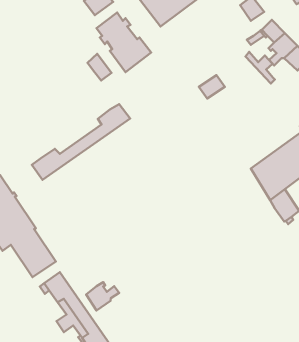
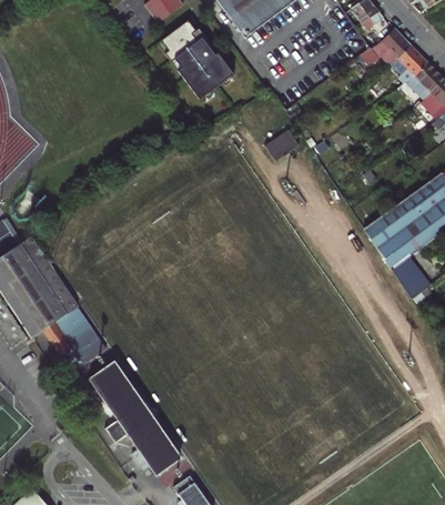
building: [246,52,275,83] -> none
building: [88,54,111,81] -> none
building: [199,75,225,98] -> [264,130,299,161]
building: [32,104,130,180] -> none
building: [86,282,119,311] -> none

